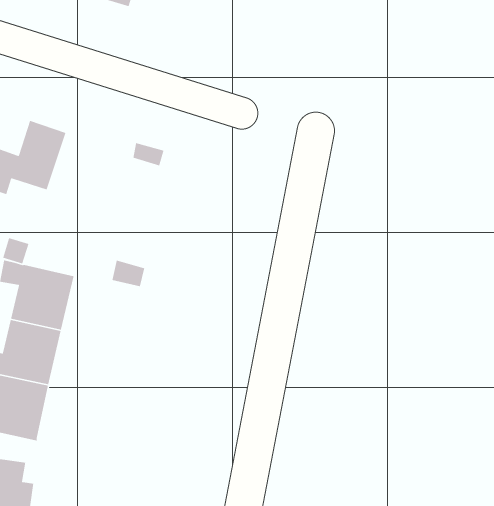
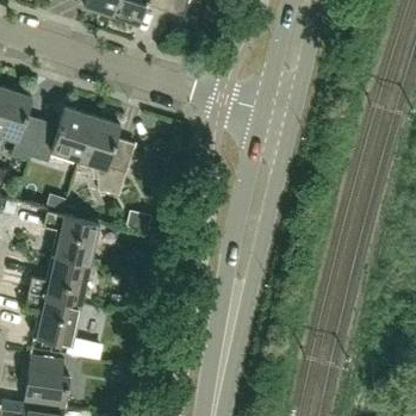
building: none -> [79,117,135,195]

